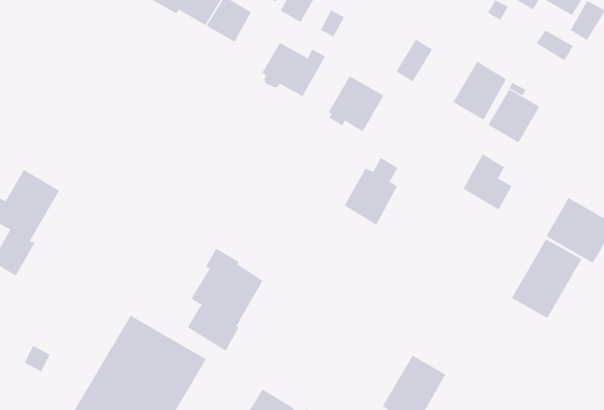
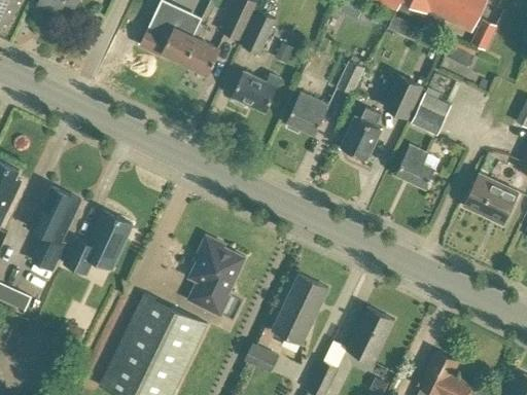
building: [344,157,398,225] -> [340,107,381,160]
building: none -> [64,211,132,274]
building: [511,238,582,319] -> none
building: none -> [271,275,327,345]

